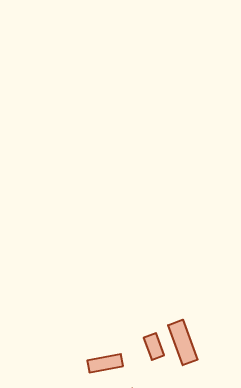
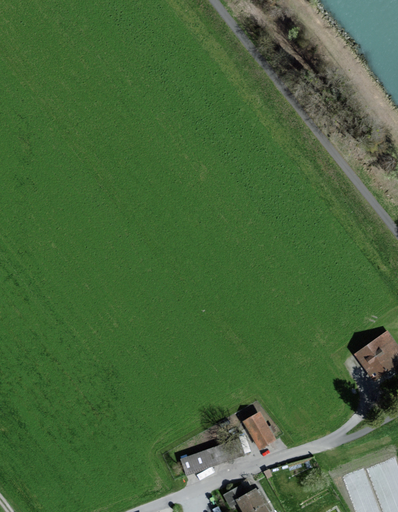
building: [168,320,198,365] -> none

